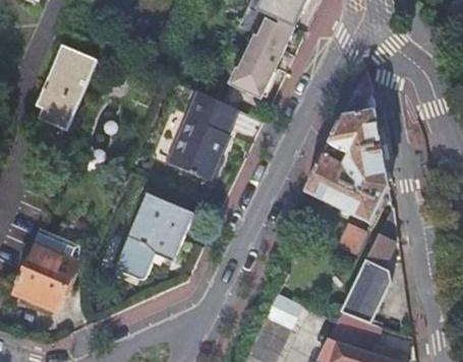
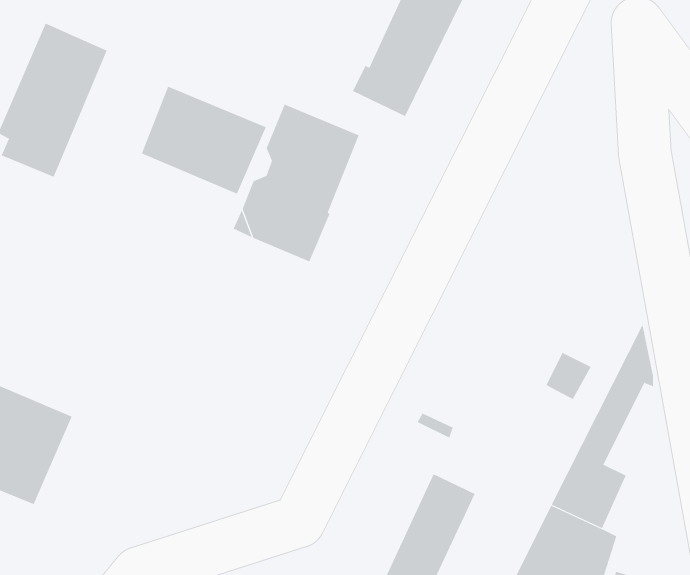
building: [303,69,389,225] -> none
building: none -> [141,86,267,194]
building: [116,194,193,279] -> none

